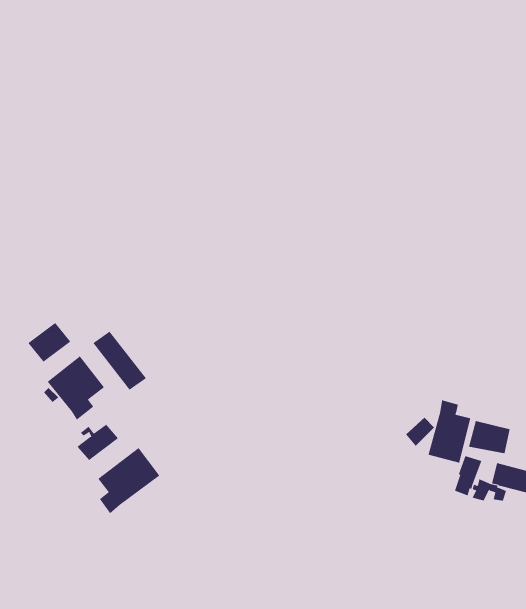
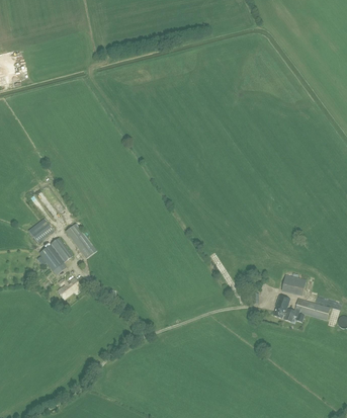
building: [428,400,471,463] -> none
building: [98,447,160,514] -> none

